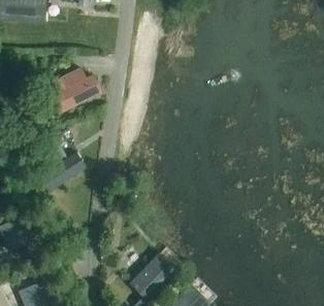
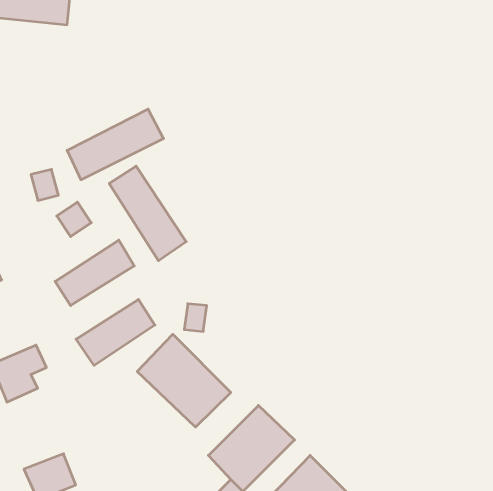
building: none -> [109,166,186,261]
building: none -> [76,299,155,365]
building: none -> [137,334,231,427]

